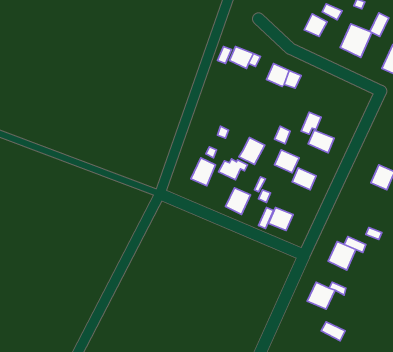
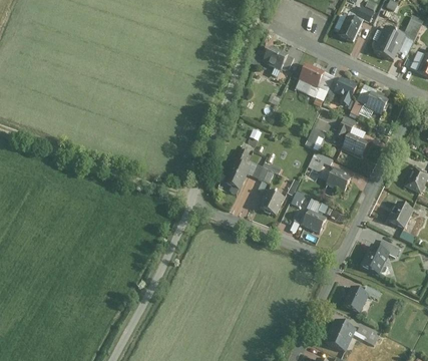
building: none -> [332,75,357,106]
building: none -> [352,88,389,116]
building: [239,137,265,165] -> none
building: none -> [389,203,415,230]
building: none -> [324,320,354,352]

